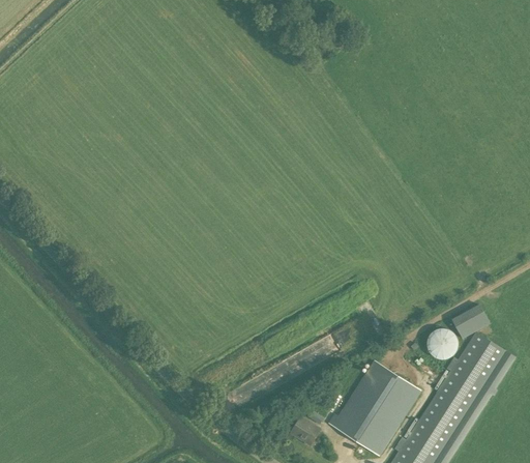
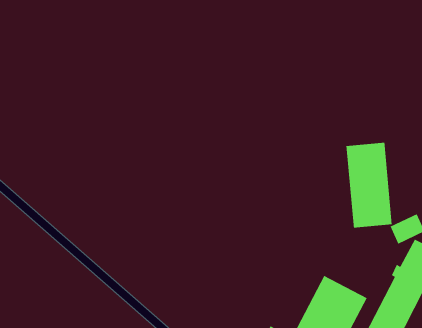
building: none -> [346,142,393,228]
building: [426,328,458,359] -> none

